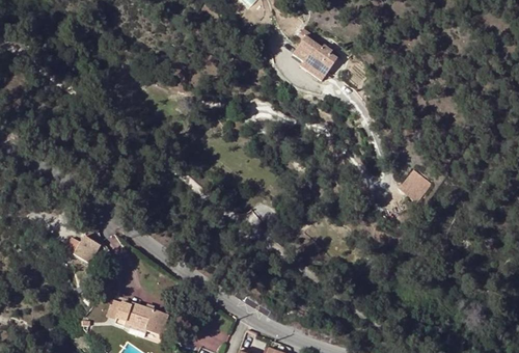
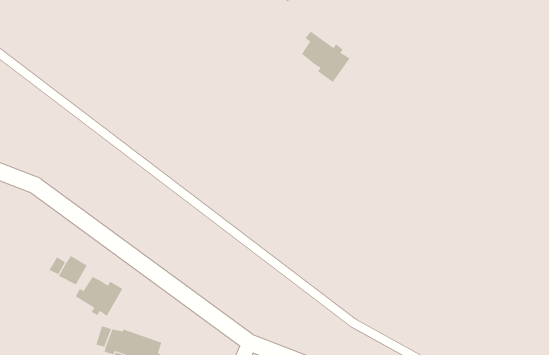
building: [400,167,432,199] -> none
building: none -> [75,276,123,317]

